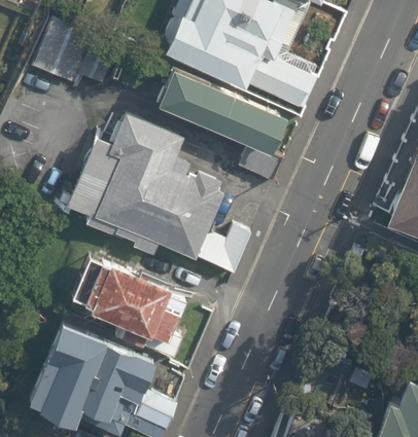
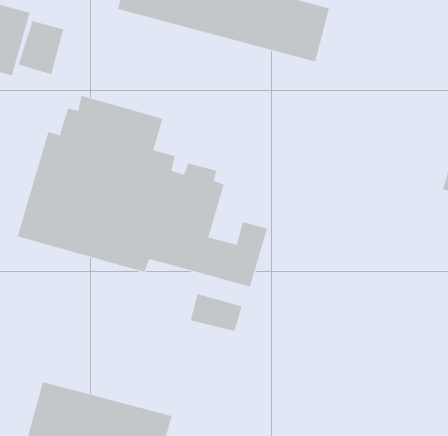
building: [153,71,283,159] -> none
building: [72,259,187,358] -> none

